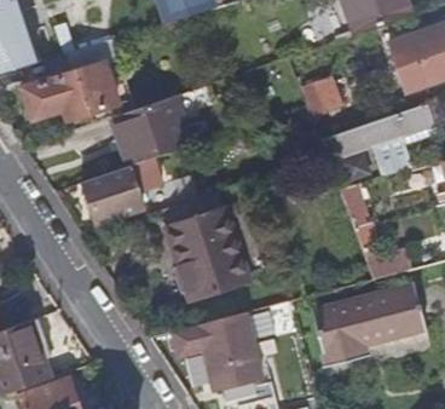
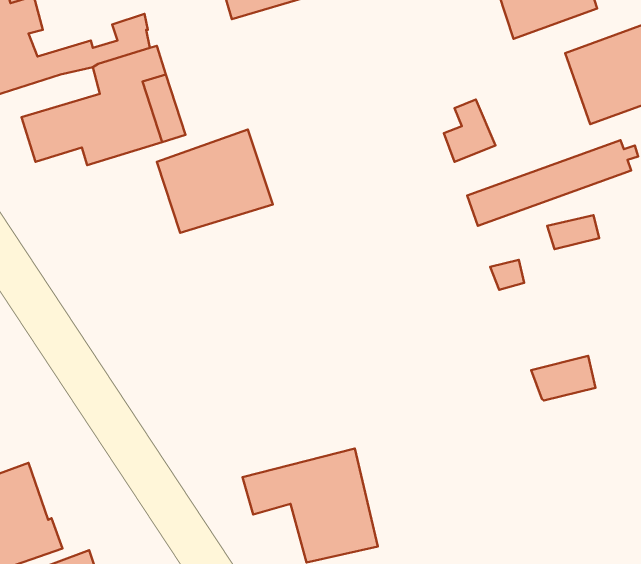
building: [82,166,144,224] -> none
building: [148,194,266,300] -> none
building: [312,286,426,368] -> none

